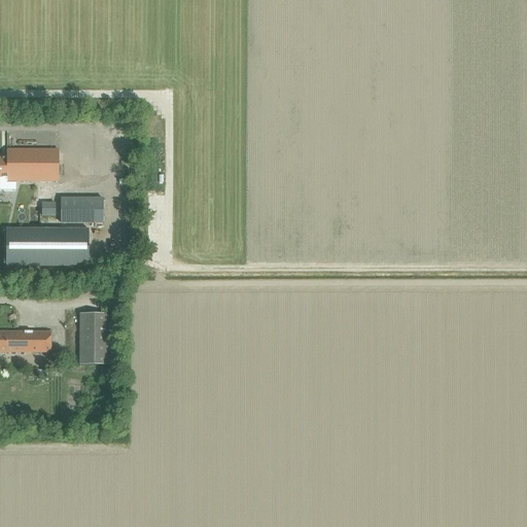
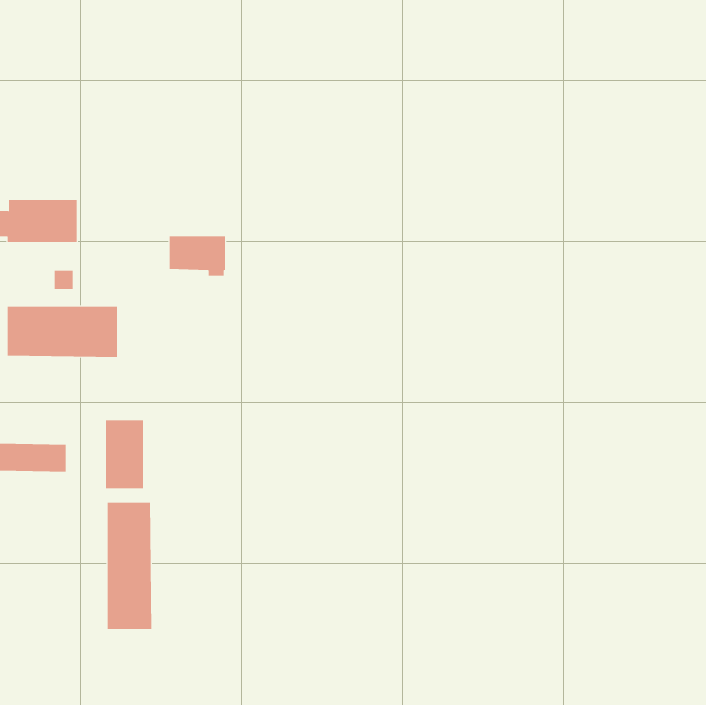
building: [60,197,102,226] -> [169,236,226,276]
building: none -> [107,502,152,630]

